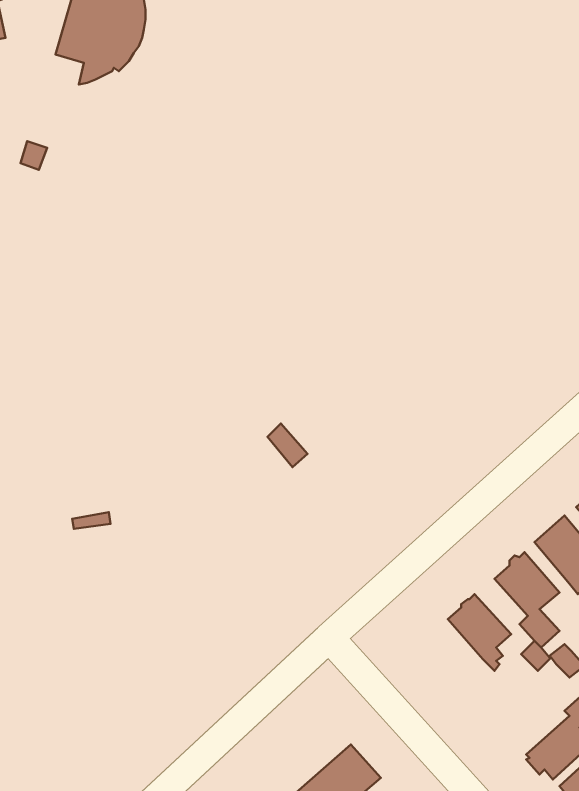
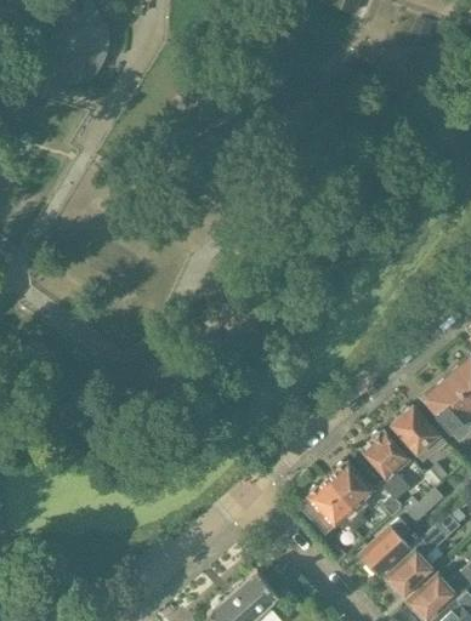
building: none -> [302,480,367,535]
building: none -> [362,520,410,576]

